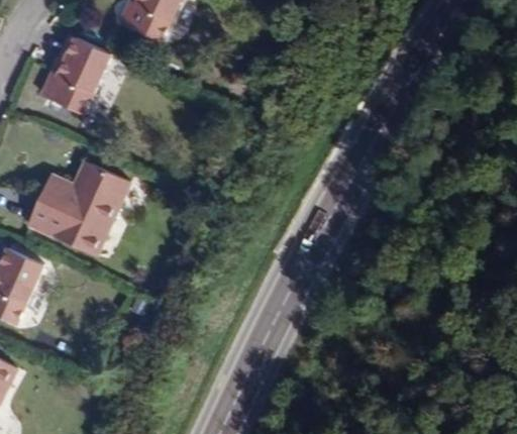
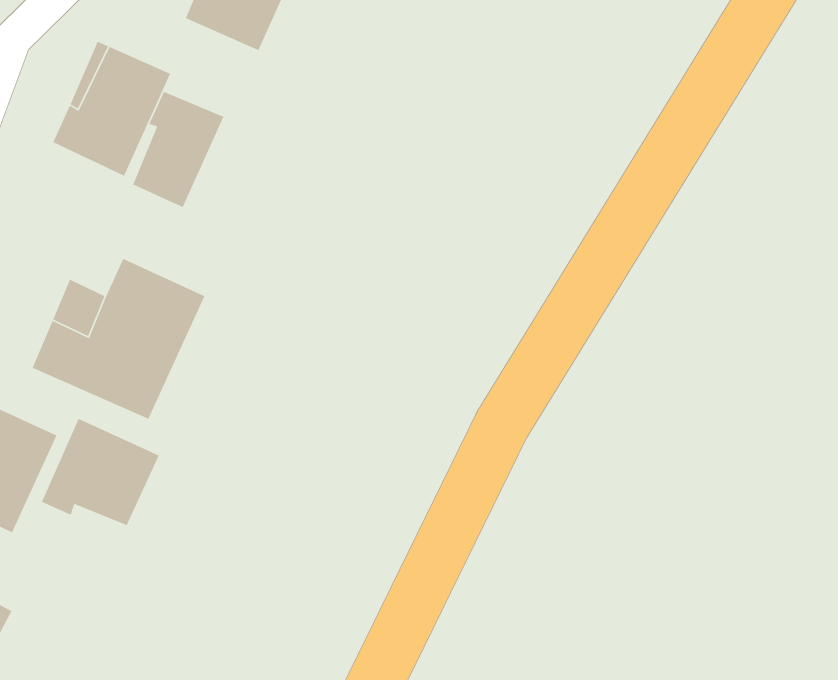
building: none -> [132,91,224,208]
building: none -> [41,418,160,526]

